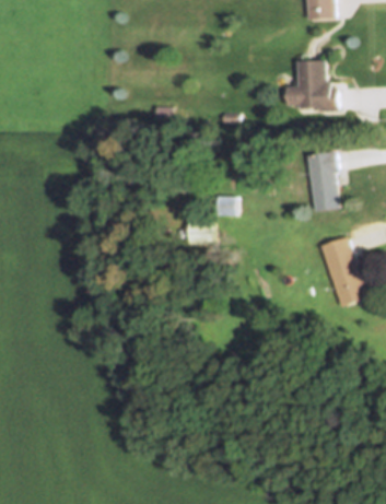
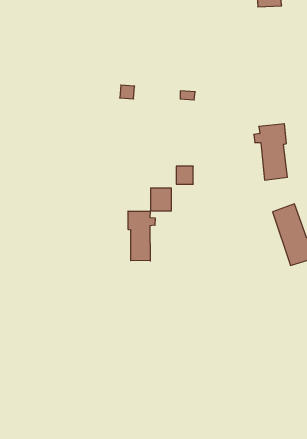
building: [285,59,336,110] -> none
building: none -> [128,211,155,261]

